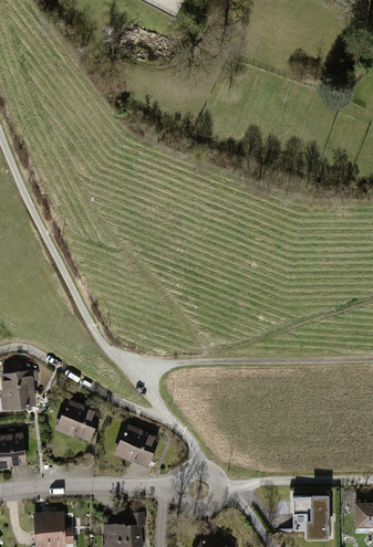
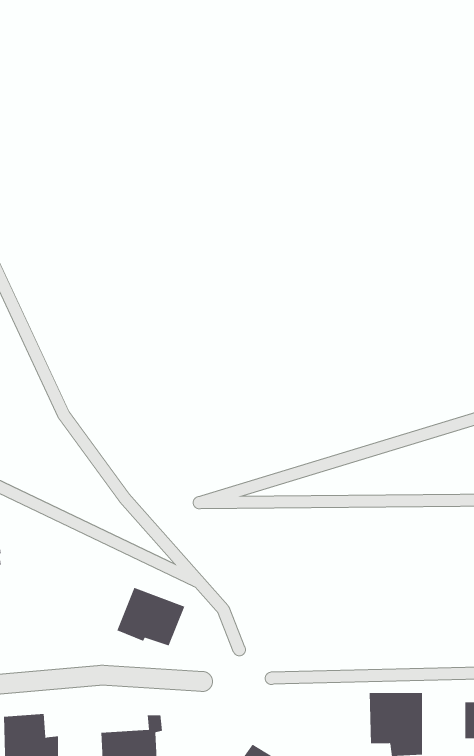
building: [54,399,102,440] -> none

